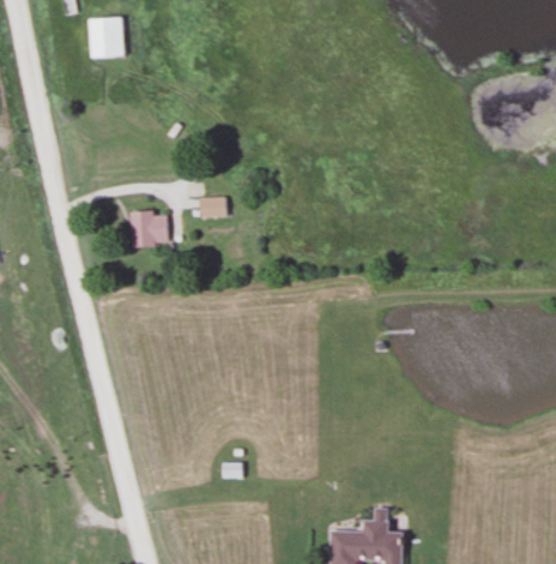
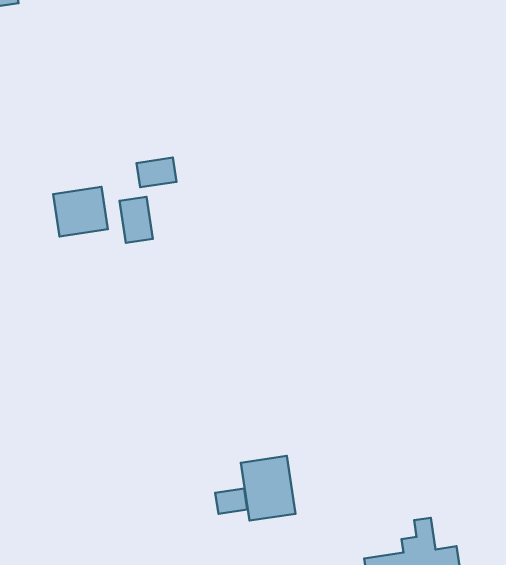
building: none -> [120,197,153,243]
building: none -> [241,456,296,521]

